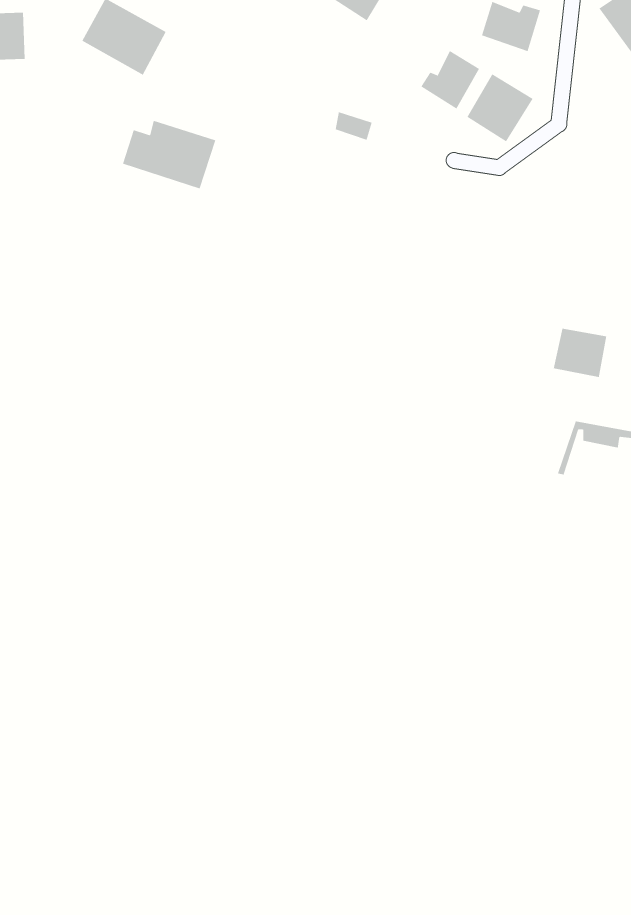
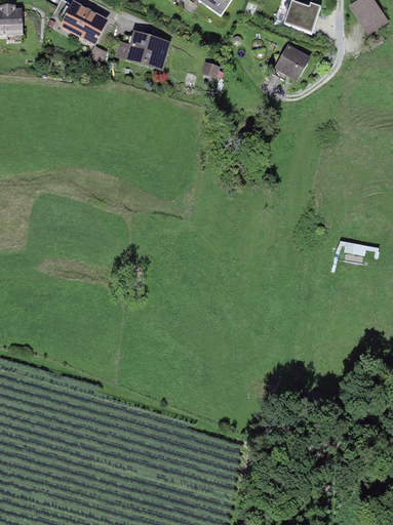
building: [421,50,480,109] -> none
building: [122,120,216,189] -> [116,30,169,69]
building: [553,328,607,378] -> none

